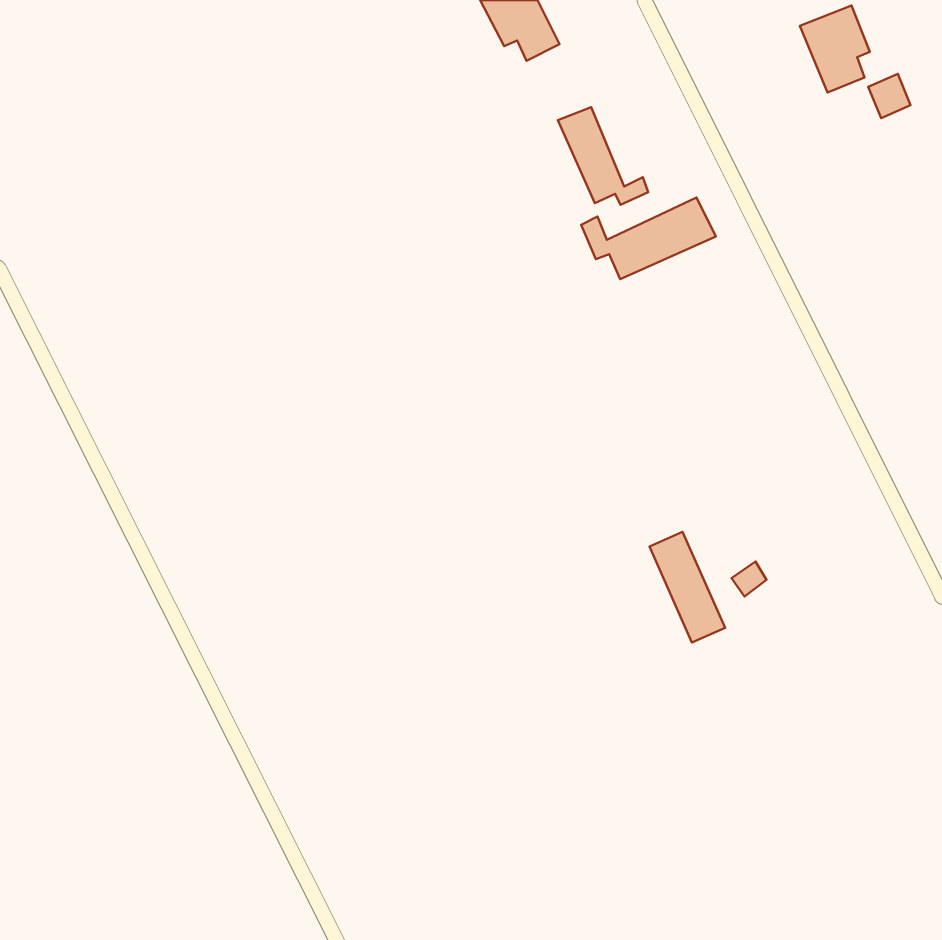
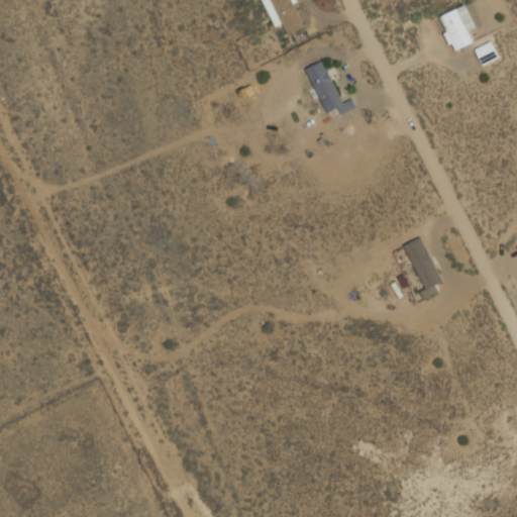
building: [581,197,716,279] -> none
building: [649,532,725,643] -> [403,236,444,297]

